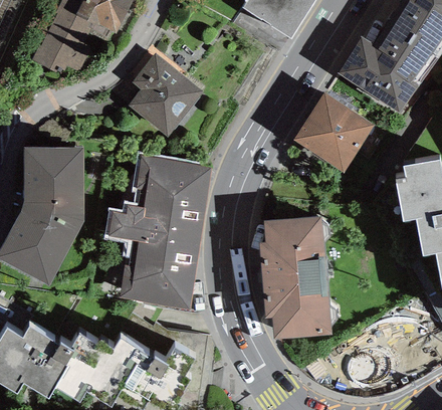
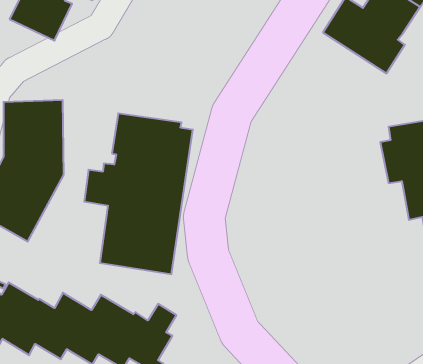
building: [128,53,203,138] -> none
building: [293,93,375,174] -> none
building: [258,218,330,341] -> none

